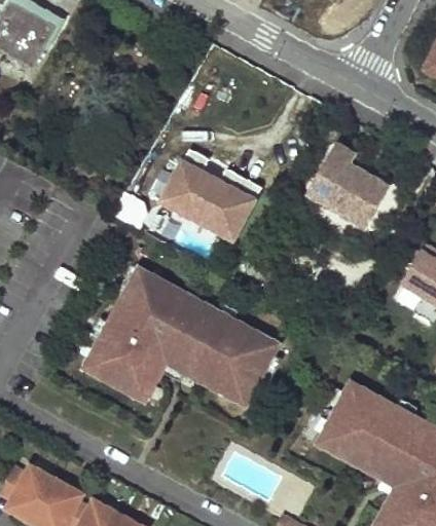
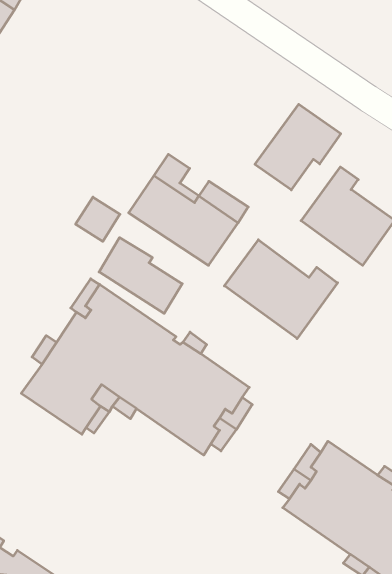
building: none -> [255,104,341,190]
building: none -> [224,240,338,339]
building: none -> [99,238,182,313]

